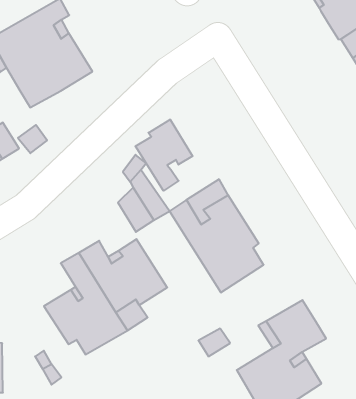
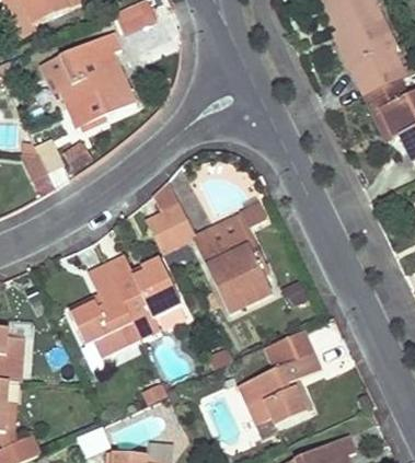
building: [135,119,193,191] -> none

